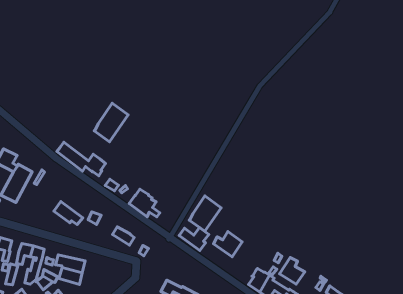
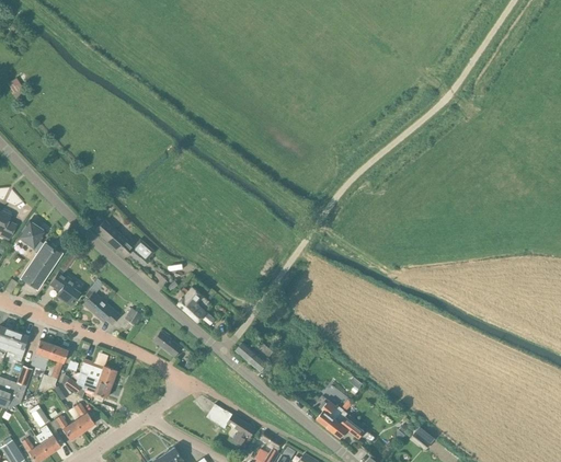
building: [94,103,128,142] -> none
building: none -> [50,270,80,305]
building: [189,196,221,231] -> none
building: [214,231,242,257] -> none
building: [279,257,305,284] -> none

